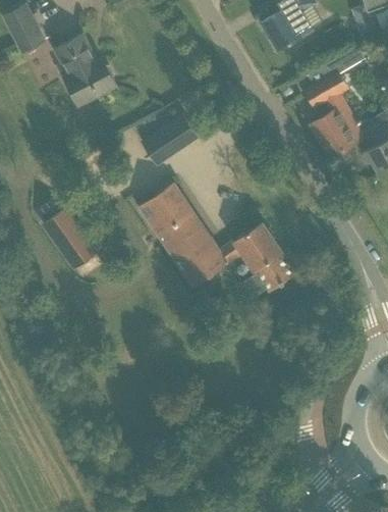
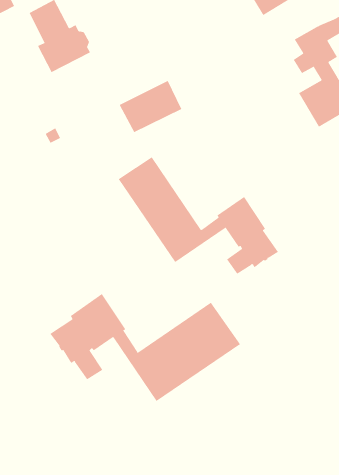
building: [44,209,97,267] -> none
building: none -> [50,293,241,402]

